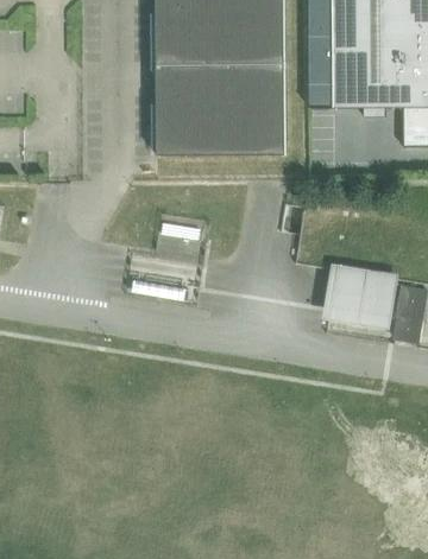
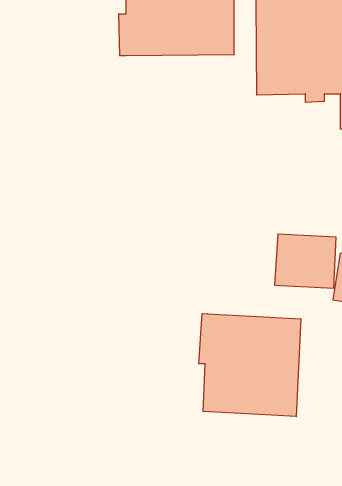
building: [155,62,284,154] -> none
building: none -> [199,314,301,417]

